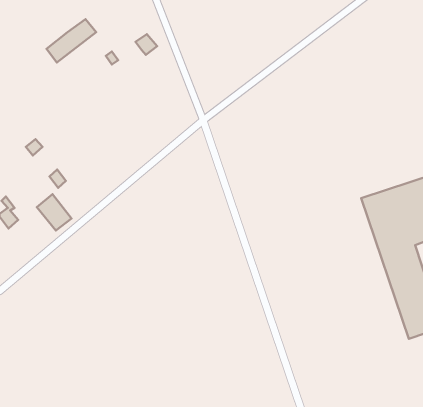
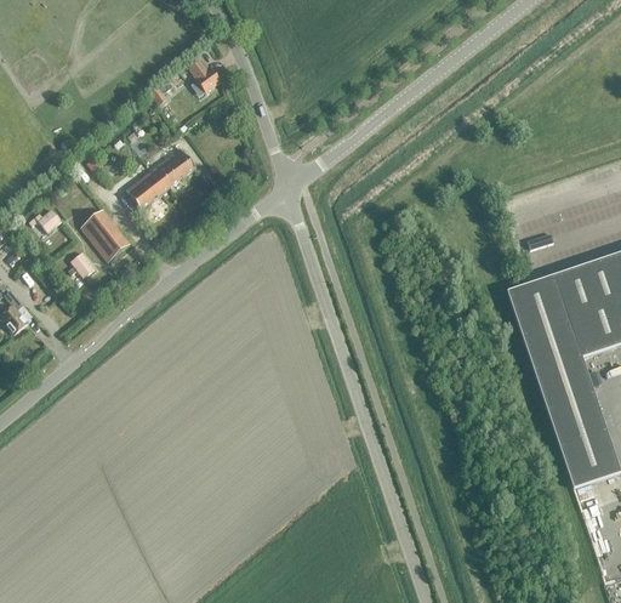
building: [47,19,96,63] -> [126,147,195,207]
building: [37,194,71,231] -> [82,207,131,258]

